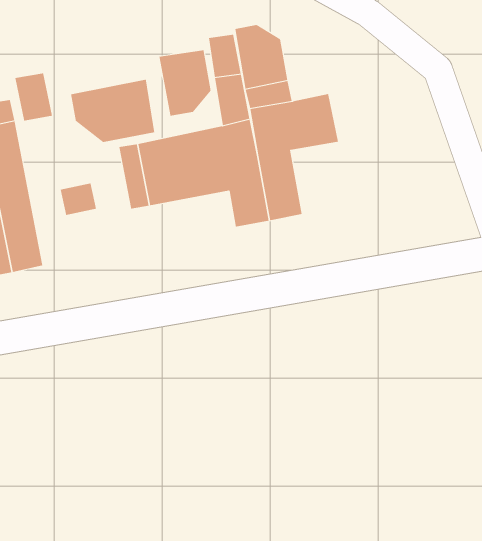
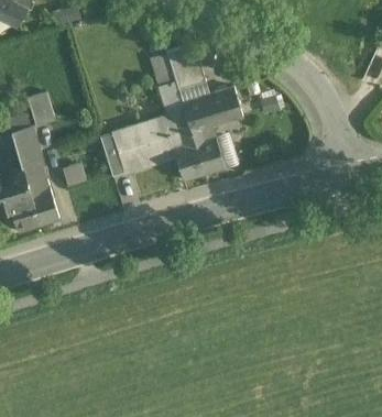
building: [159,49,211,116] -> none
building: [70,79,155,143] -> none

